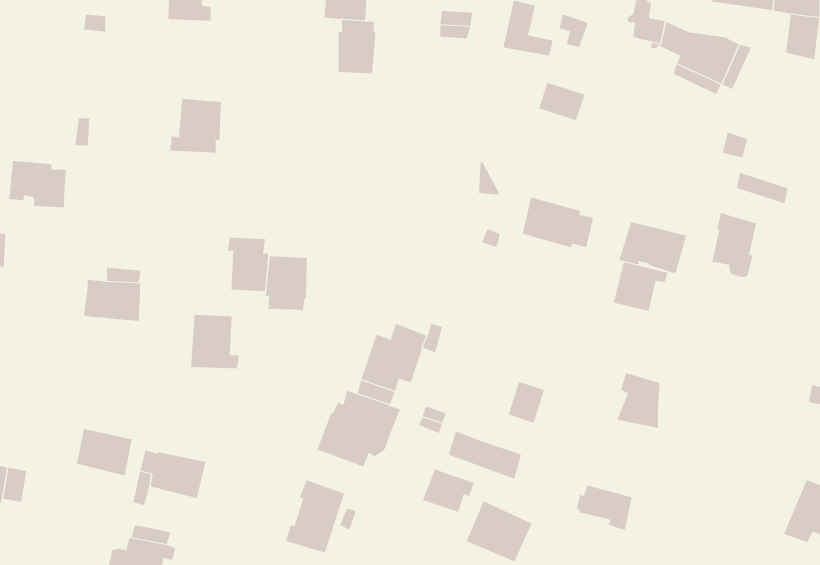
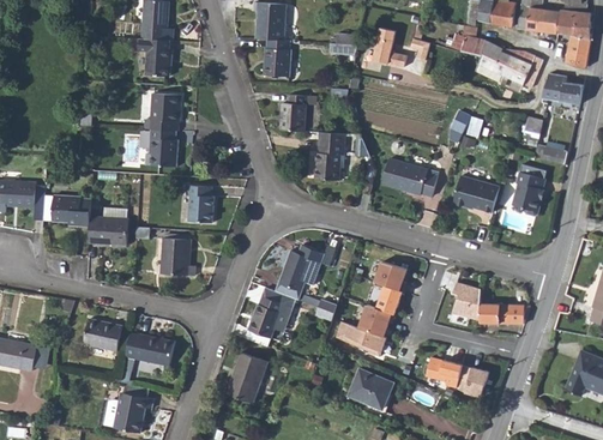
building: none -> [143,40,175,78]
building: none -> [544,66,583,97]
building: [538,82,585,121] -> [453,109,486,135]
building: none -> [282,98,308,134]
building: none -> [147,129,180,168]
building: none -> [316,134,345,182]
building: [9,160,67,208] -> [52,189,91,222]
building: [265,256,307,311] -> none
building: [613,261,668,311] -> none
building: none -> [375,261,408,293]
building: none -> [481,303,524,325]
building: [422,469,475,513] -> [360,306,396,336]
building: none -> [457,366,489,397]

